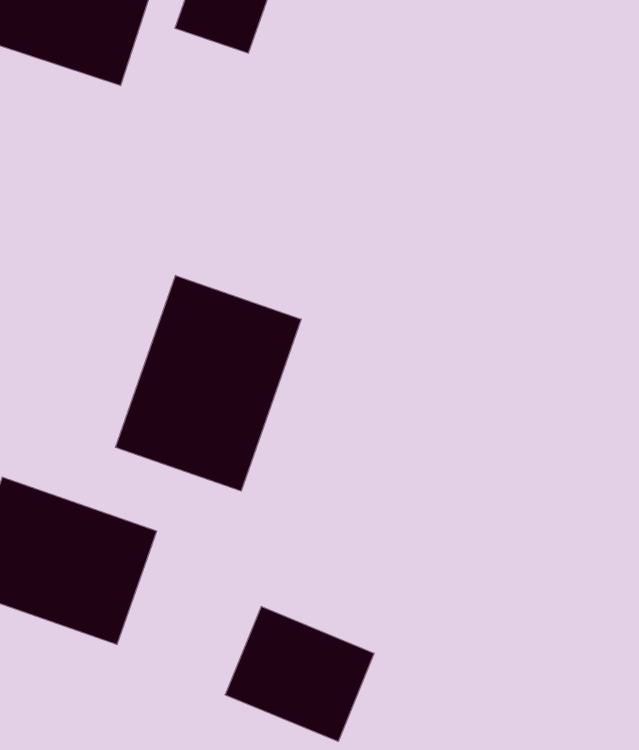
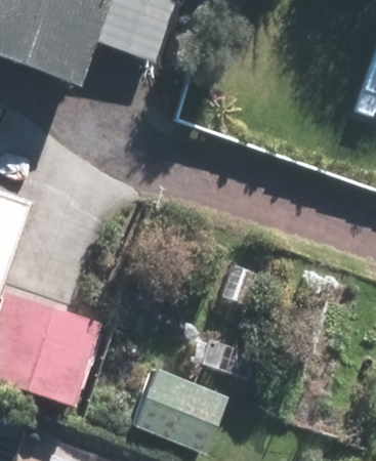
building: [116,275,301,491] -> none

